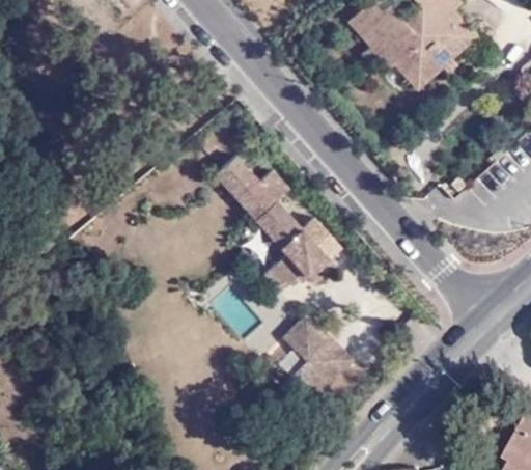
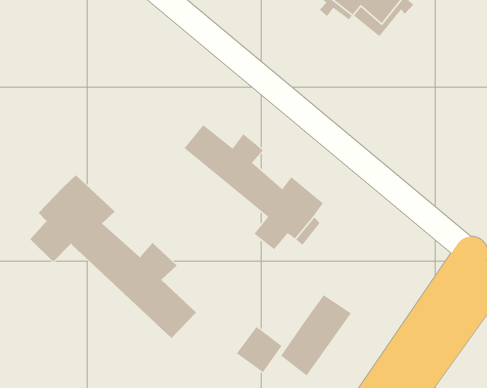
building: none -> [29,175,197,339]
building: [282,313,329,360] -> [236,326,283,373]

